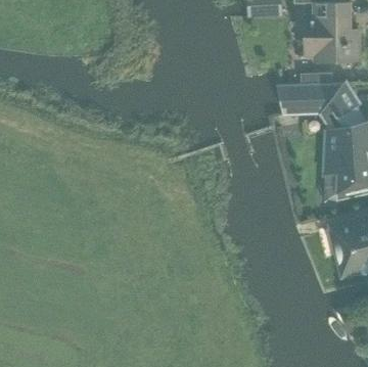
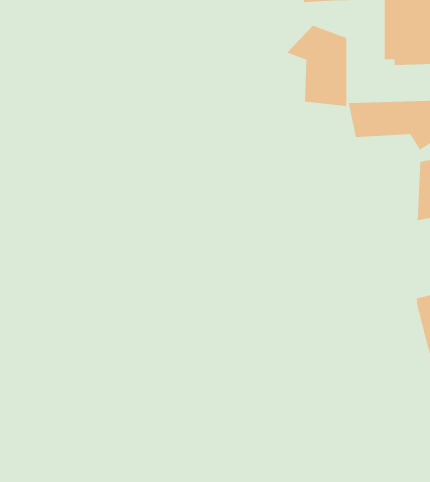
building: none -> [286,25,347,107]

